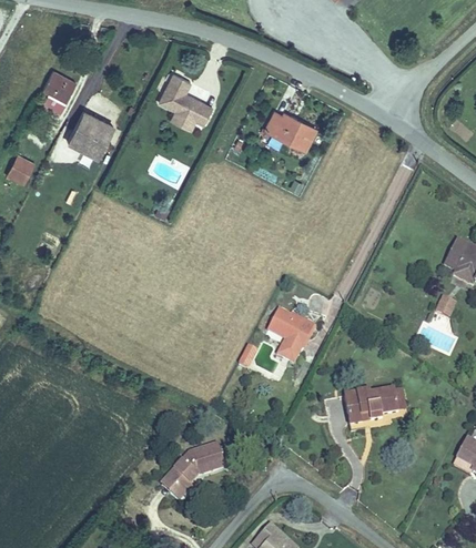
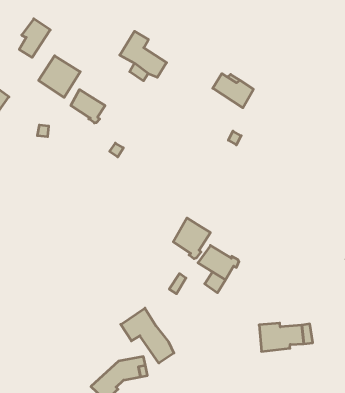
building: none -> [71,90,105,123]
building: none -> [173,218,210,259]
building: none -> [121,308,174,363]

